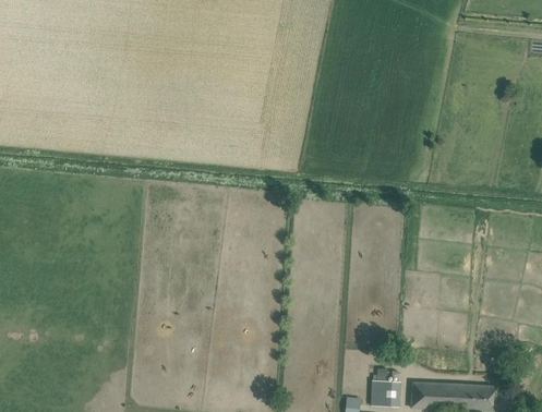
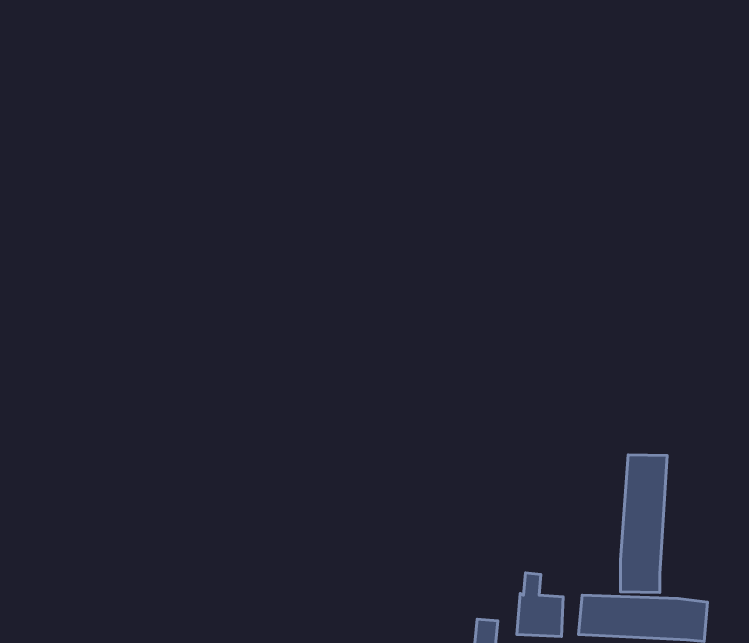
building: none -> [620,455,667,593]

